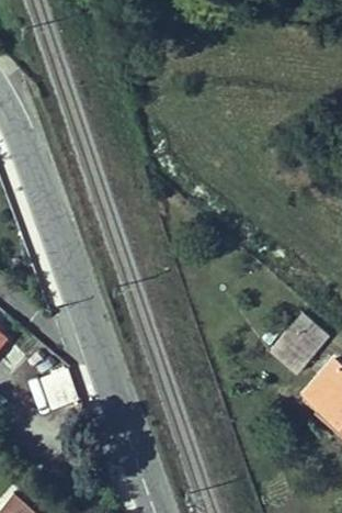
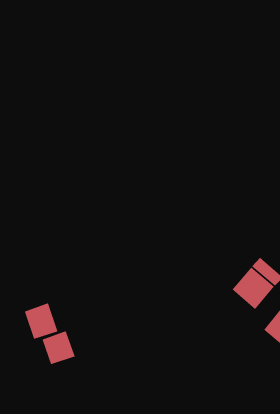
building: none -> [42,330,76,365]

